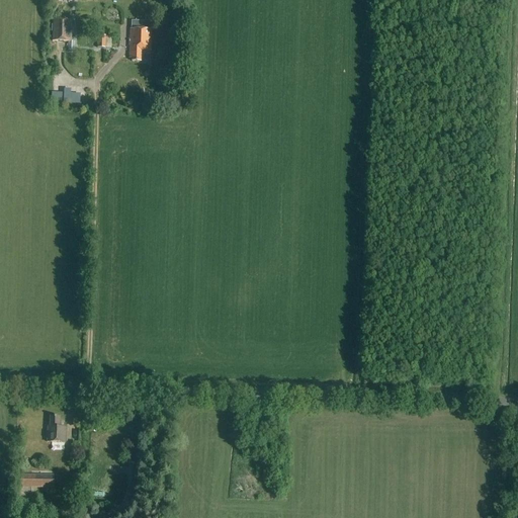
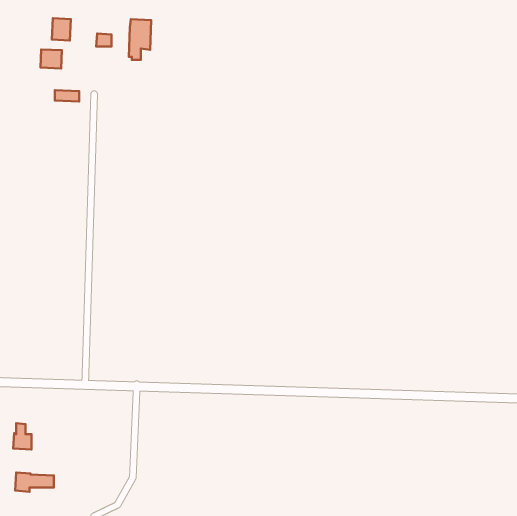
building: none -> [40,49,62,68]
building: [48,415,66,441] -> [13,423,31,449]

